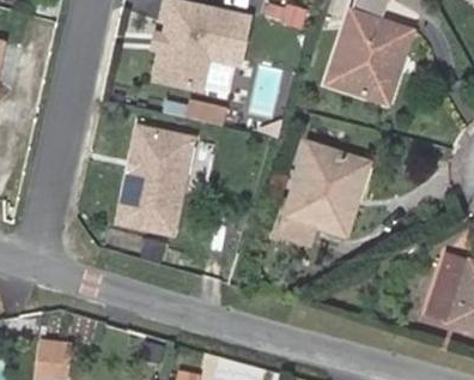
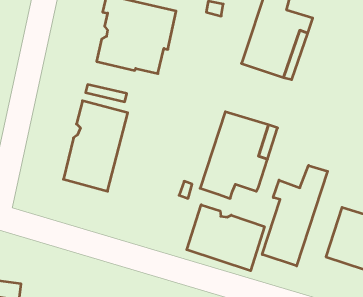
building: none -> [262,165,328,266]
building: none -> [187,205,264,271]

